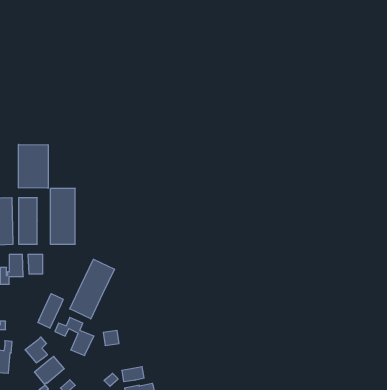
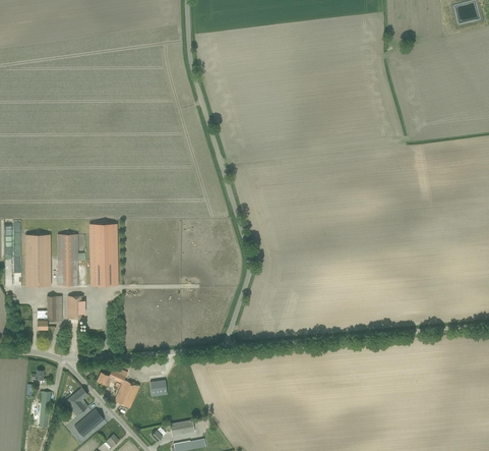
building: [19,144,48,188] -> none
building: [70,259,114,319] -> none
building: [38,294,63,328] -> none

